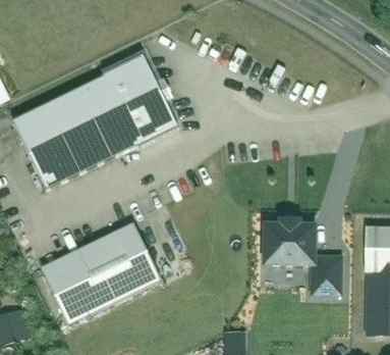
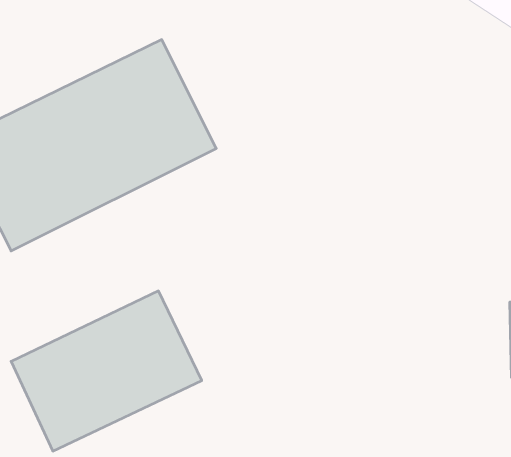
building: [253,216,340,294] -> none

